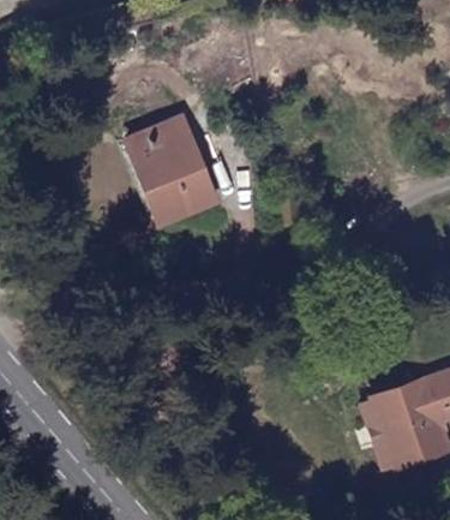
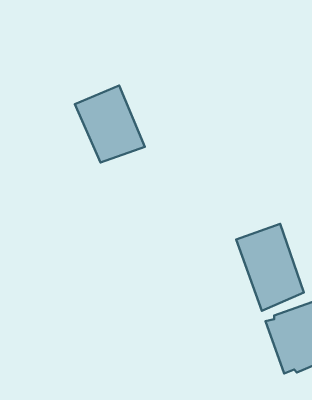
building: none -> [236,224,304,311]

